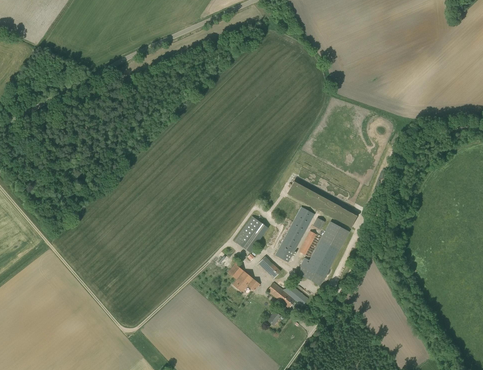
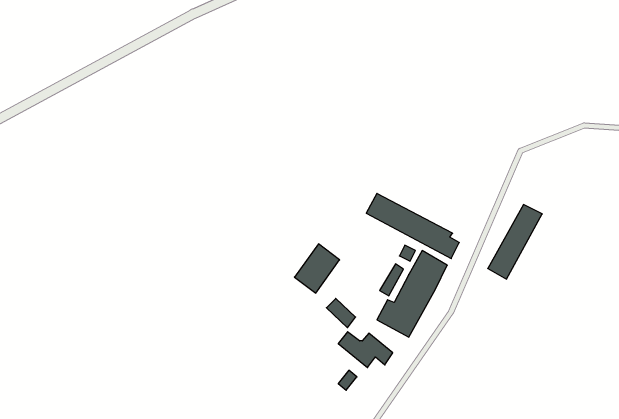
building: [274,207,315,263] -> [488,205,542,279]
building: [227,260,260,293] -> none

